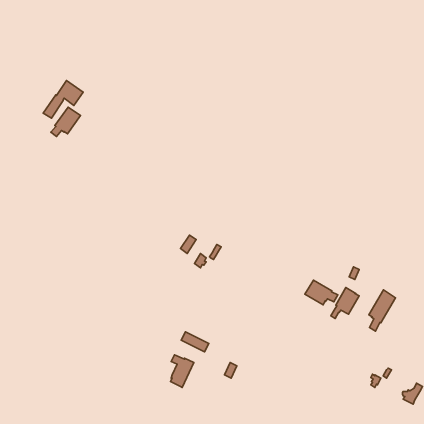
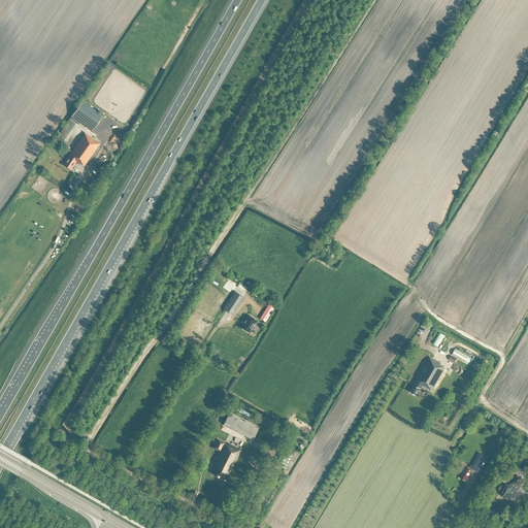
building: [305,280,338,305] -> none
building: [369,290,395,331] -> none

